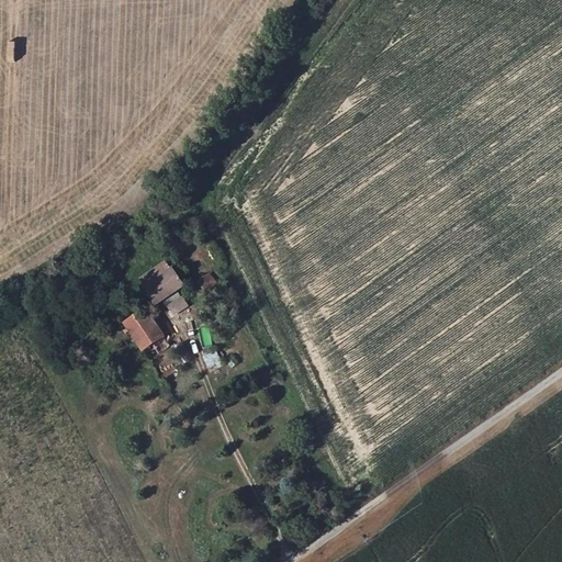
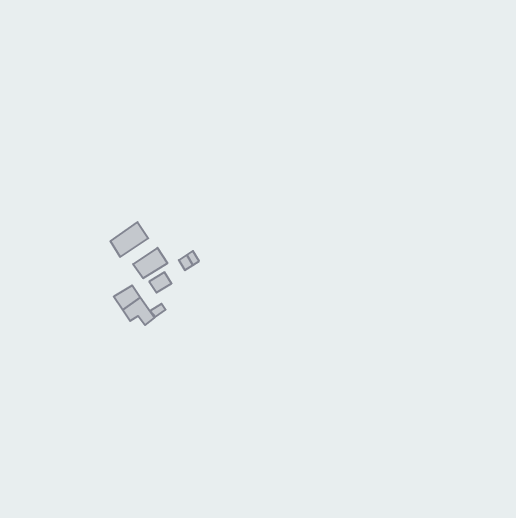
building: none -> [110,222,148,257]

